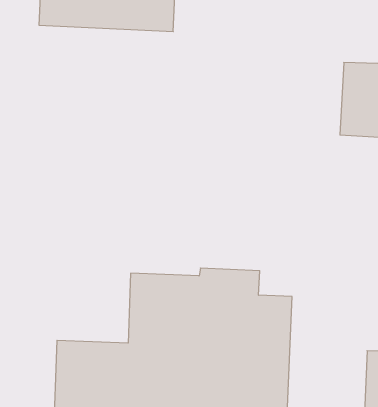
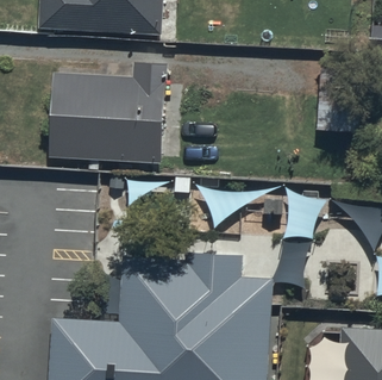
building: none -> [51,61,167,162]

